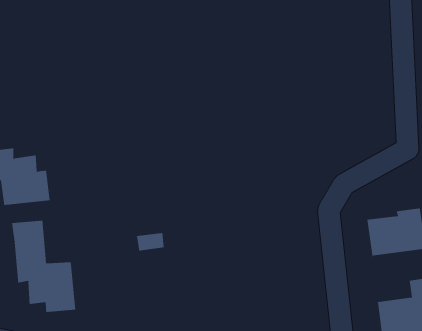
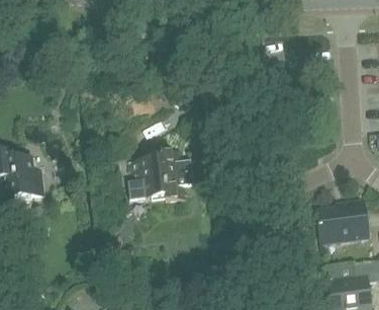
building: none -> [127,149,193,200]
building: [12,220,76,313] -> none

